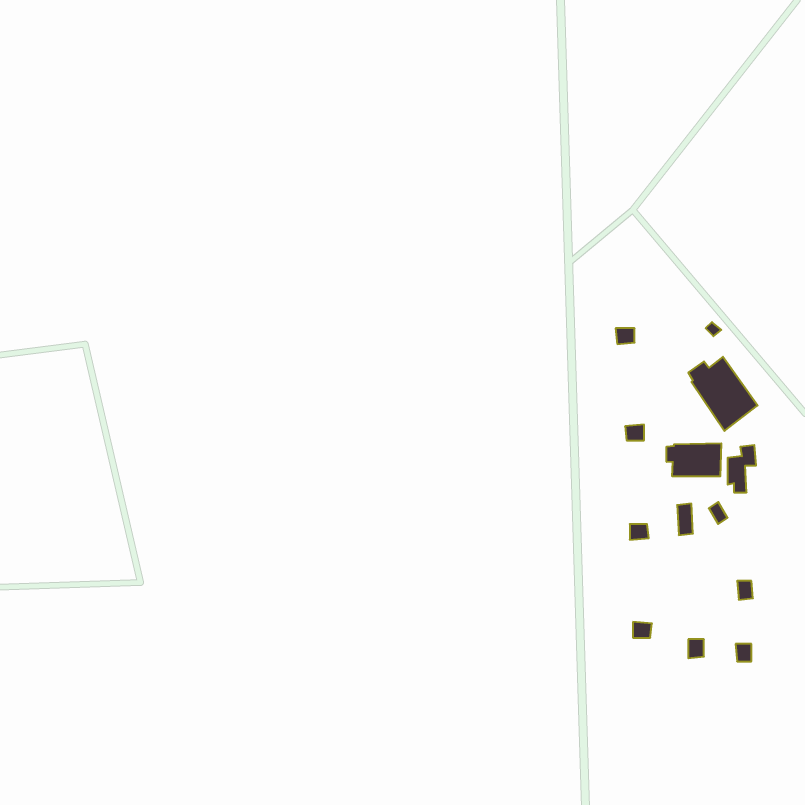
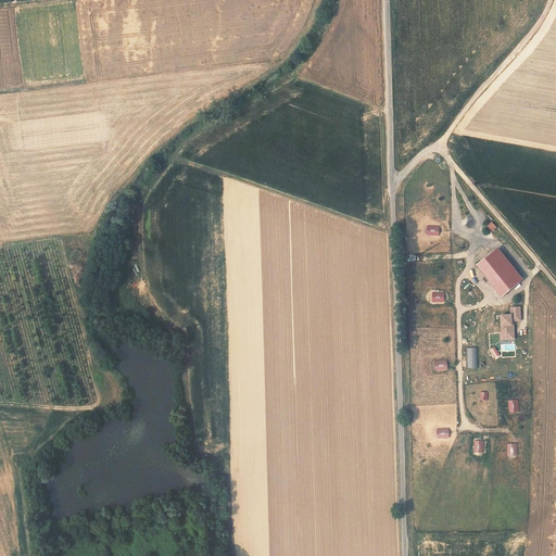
building: [667,443,721,476] -> none

